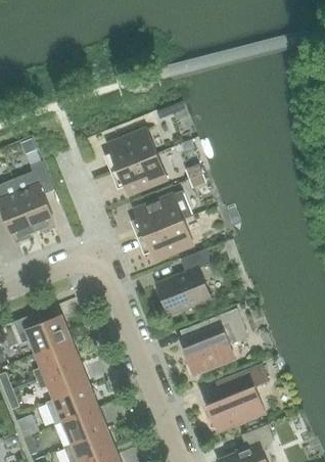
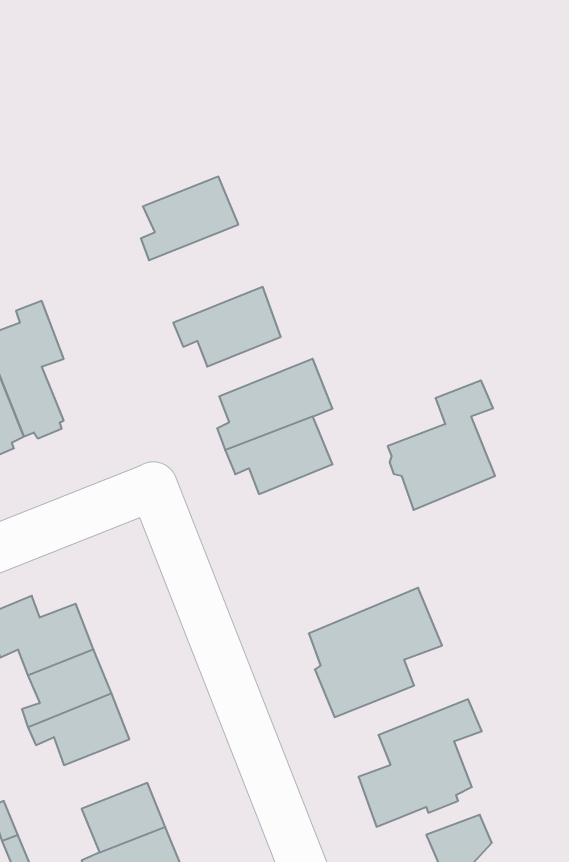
building: [106,129,156,172] -> [141,177,238,260]
building: [155,249,211,316] -> [388,380,495,510]
building: [45,385,97,425] -> none

